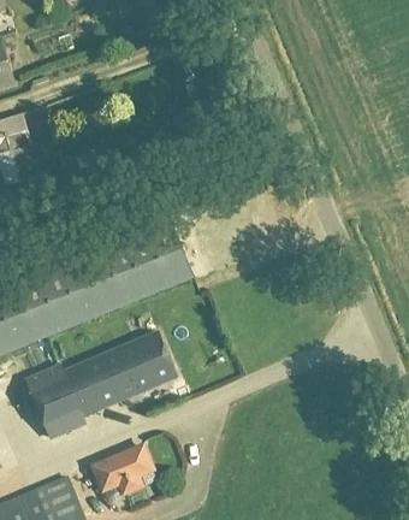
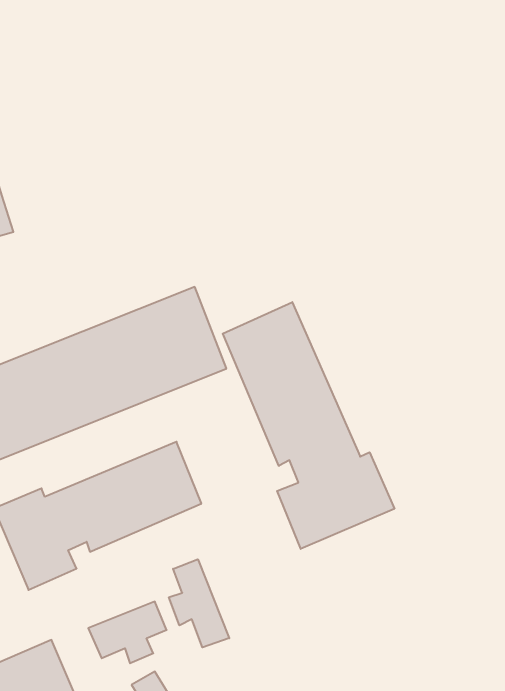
building: none -> [223,302,394,549]
building: none -> [169,559,229,647]

